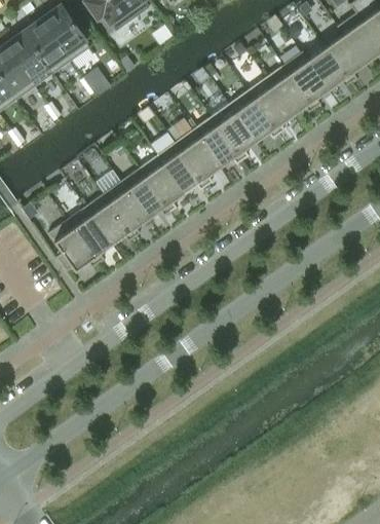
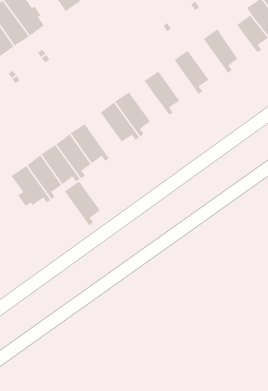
building: [307,47,350,89] -> none
building: [265,65,314,115] -> none
building: [229,90,278,141] -> none
building: [193,116,242,166] -> none
building: [139,155,184,212] -> [64,180,101,226]

